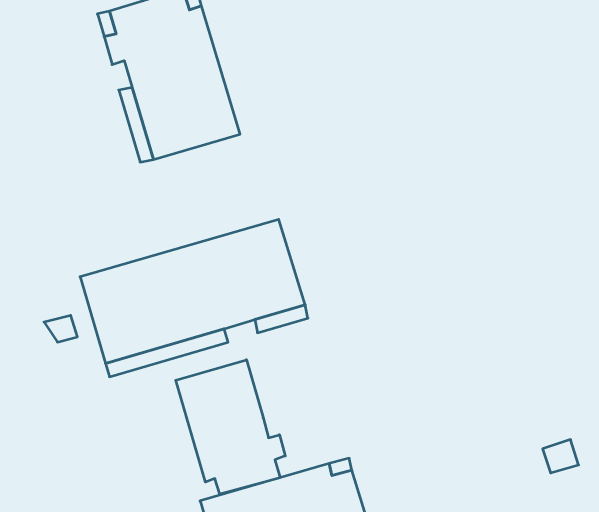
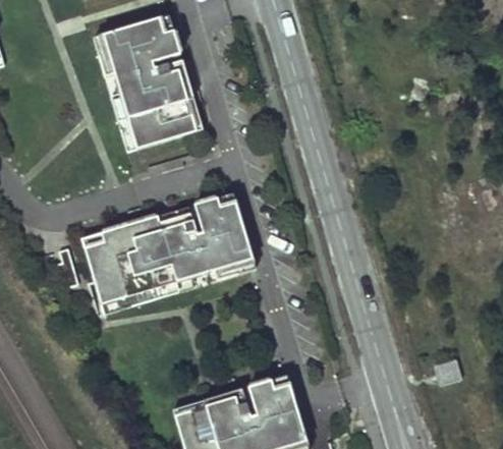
building: [176,360,285,494] -> none

